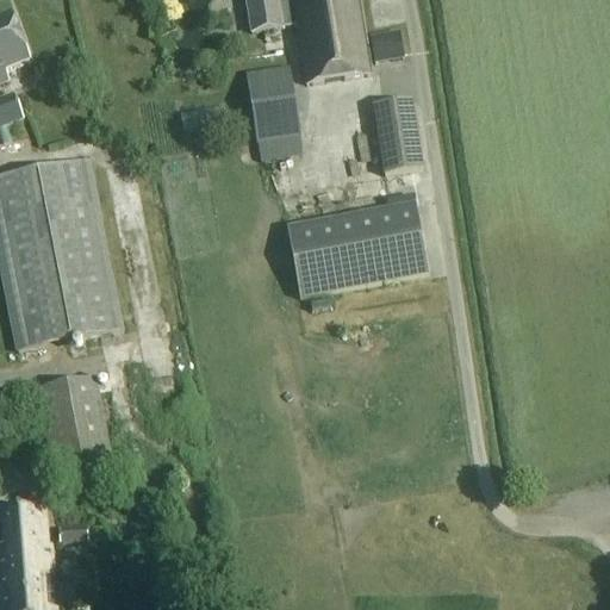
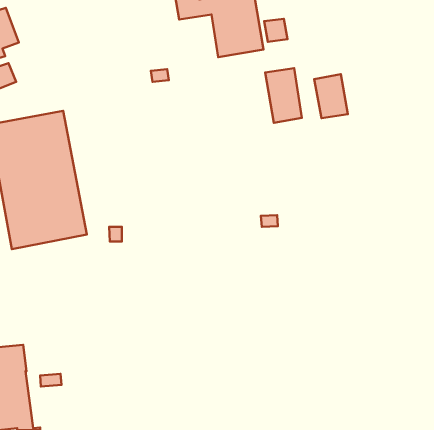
building: [247,62,301,156] -> none
building: none -> [314,74,348,118]
building: [285,199,428,295] -> none
building: [36,374,112,471] -> none

